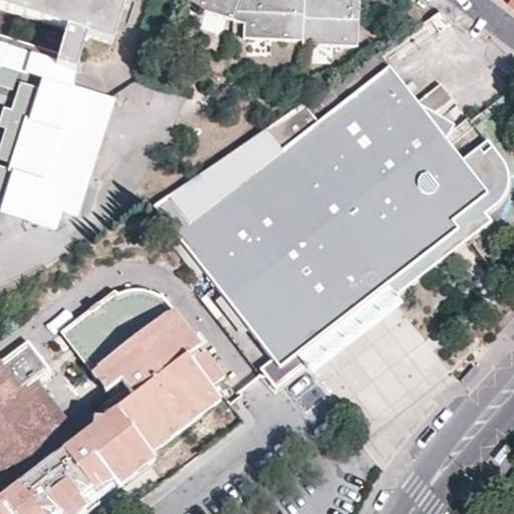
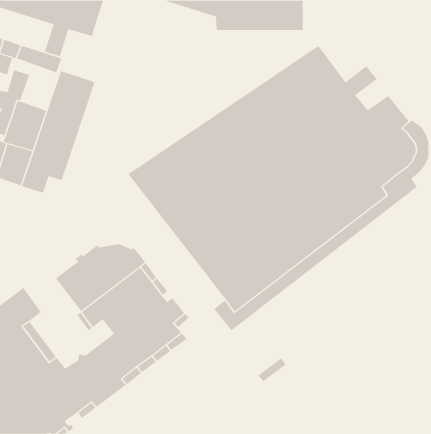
building: [24,76,70,131] -> none

